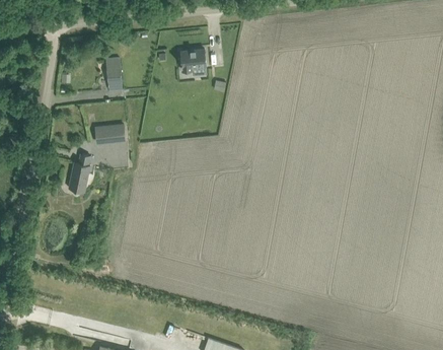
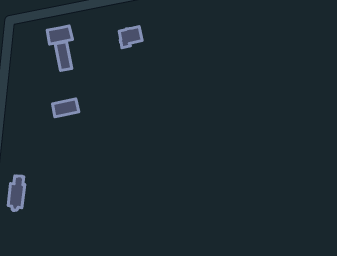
building: none -> [47,26,72,44]
building: [69,154,90,194] -> [8,176,25,210]

